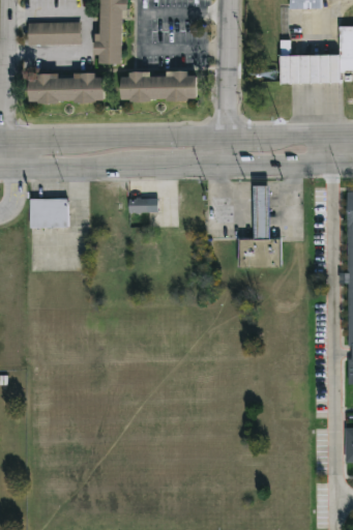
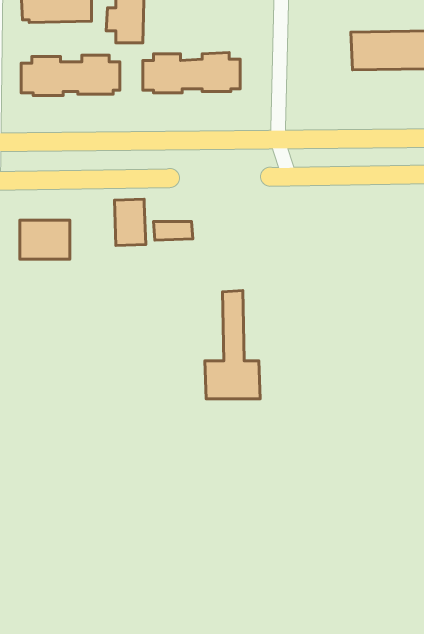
building: none -> [114,199,146,246]
building: [237,184,280,267] -> [205,291,260,399]

